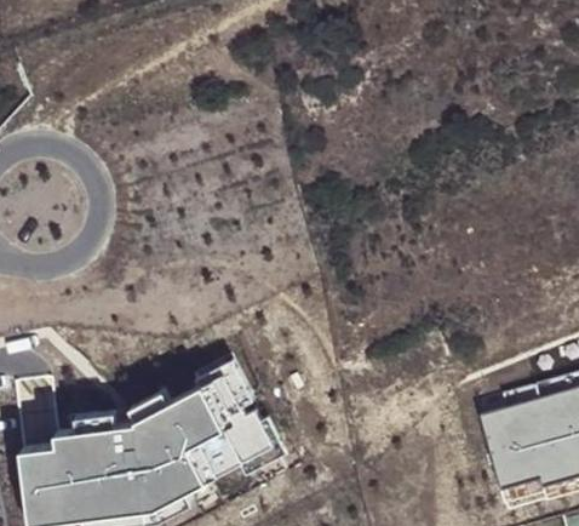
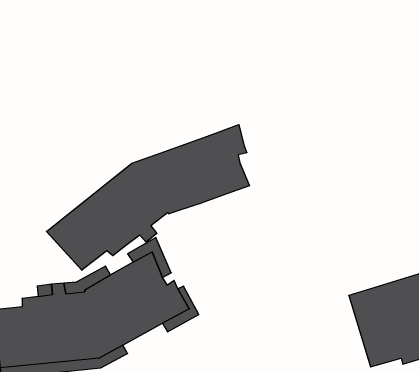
building: none -> [46,125,250,270]

